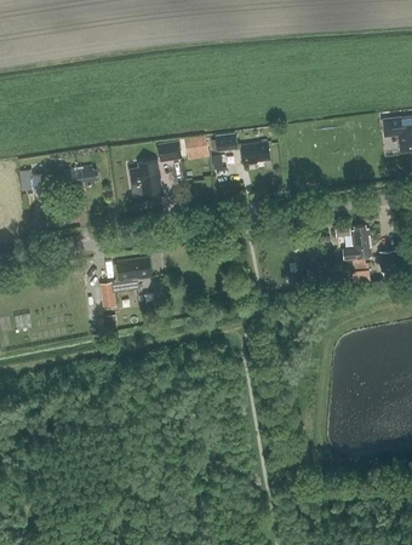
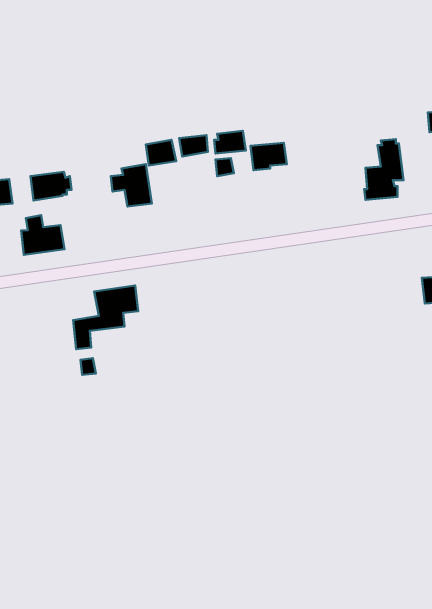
building: none -> [21,215,64,255]
building: [339,225,371,274] -> [364,139,403,200]

